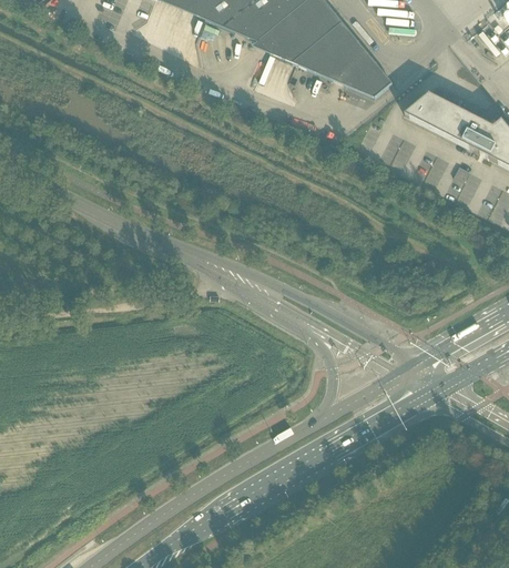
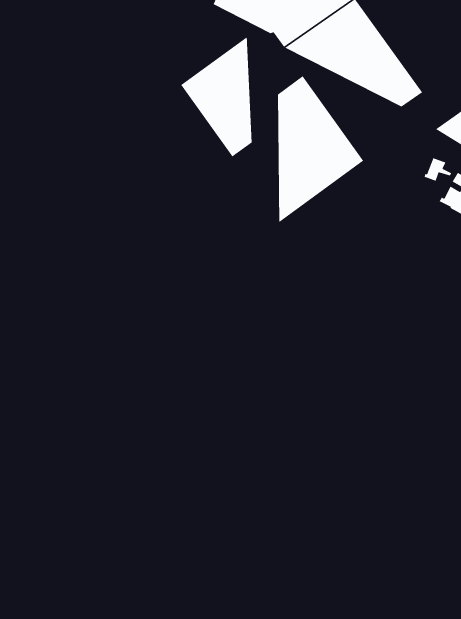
building: none -> [180,36,253,158]
building: none -> [277,75,364,223]

